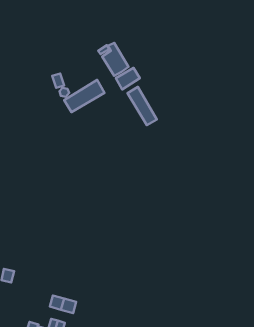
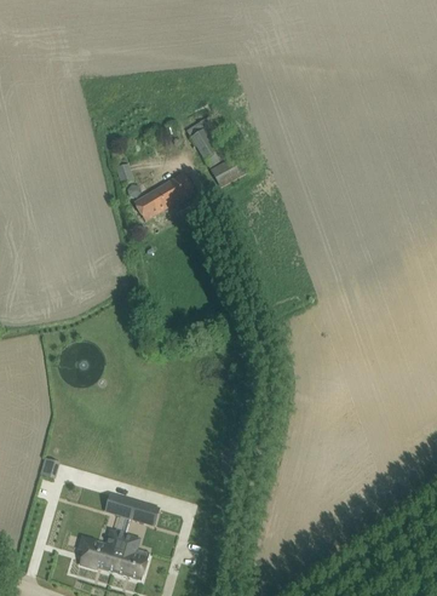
building: [128,87,157,125] -> none

